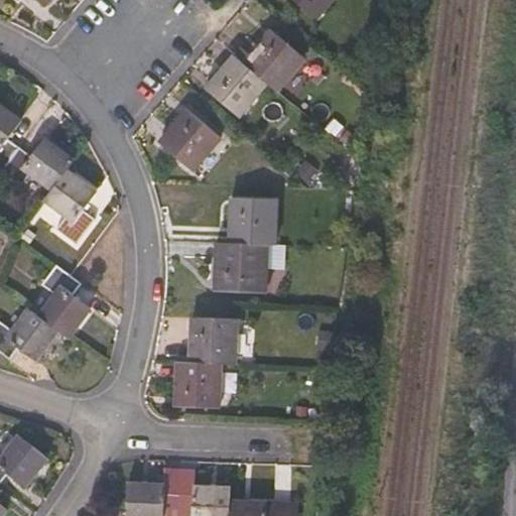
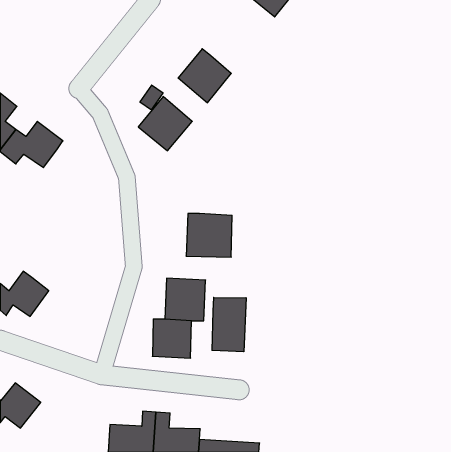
building: [242,30,303,92] -> none
building: [43,170,96,243] -> none
building: [229,198,275,245] -> none
building: [38,265,91,338] -> none
building: none -> [212,297,246,352]

